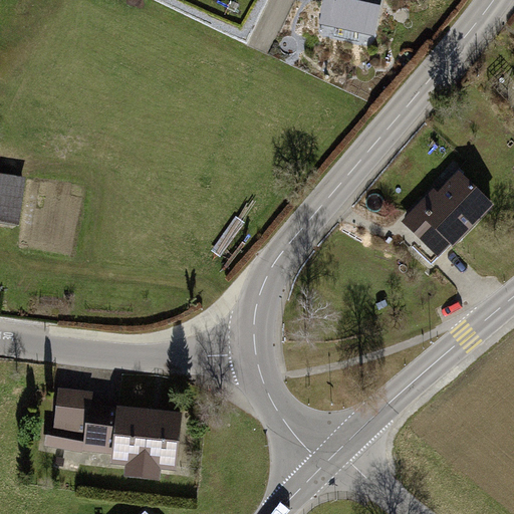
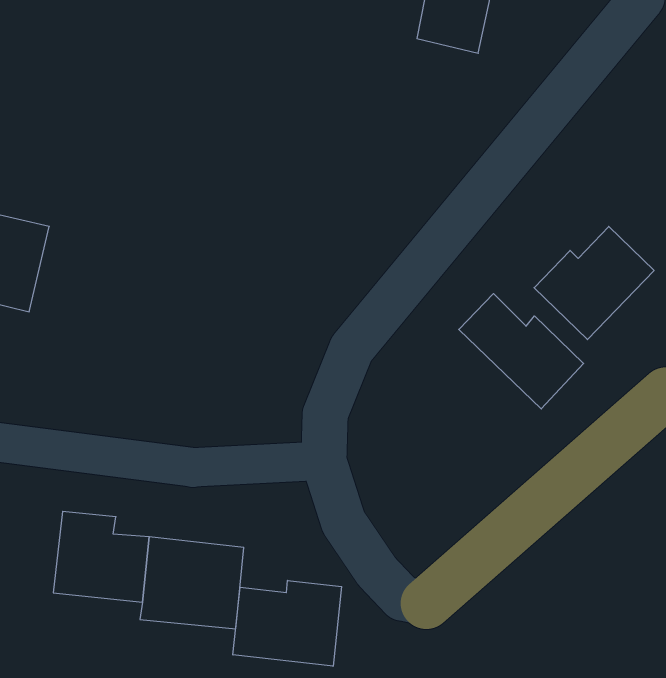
building: none -> [459,294,584,409]
building: none -> [233,580,342,666]

